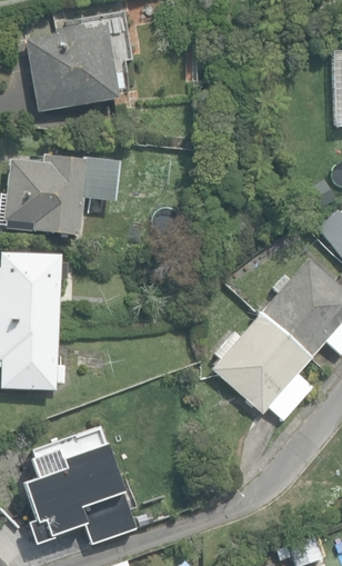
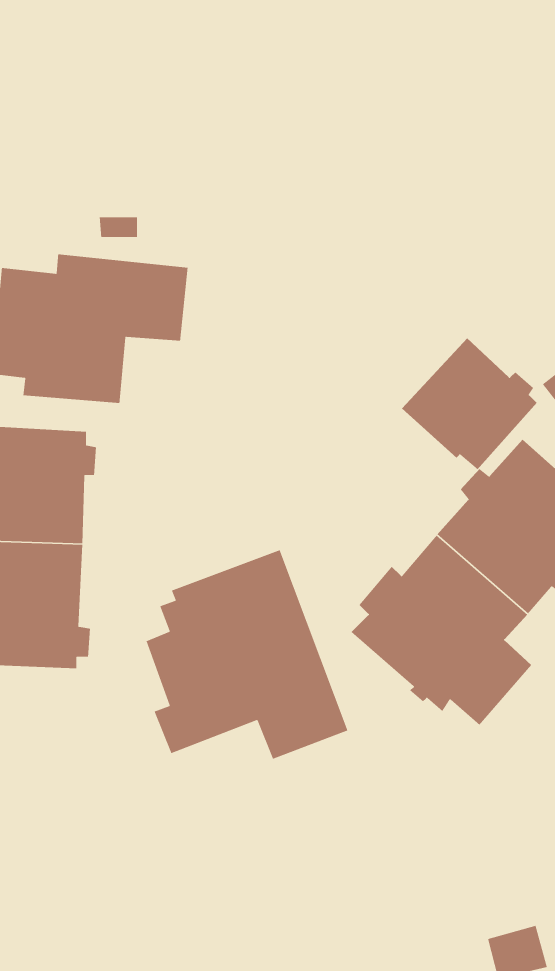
building: [26,24,124,111] -> none
building: none -> [401,338,538,470]
building: [20,426,135,546] -> [146,549,349,760]

